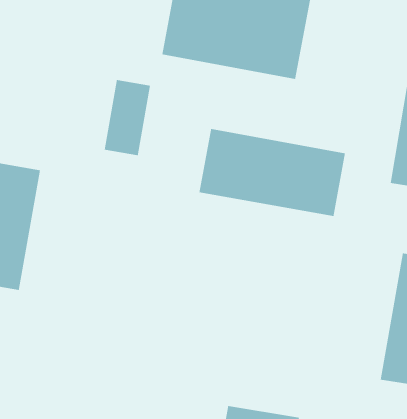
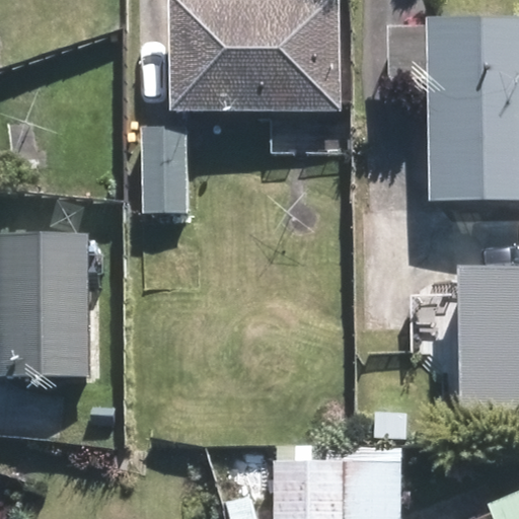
building: [199,128,346,217] -> none

